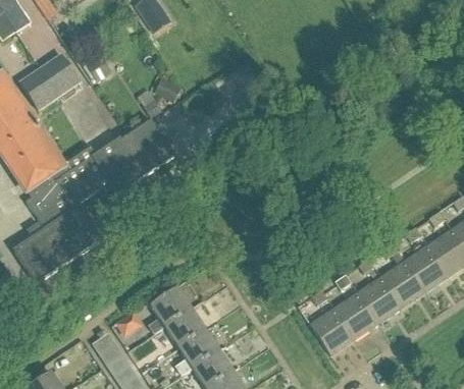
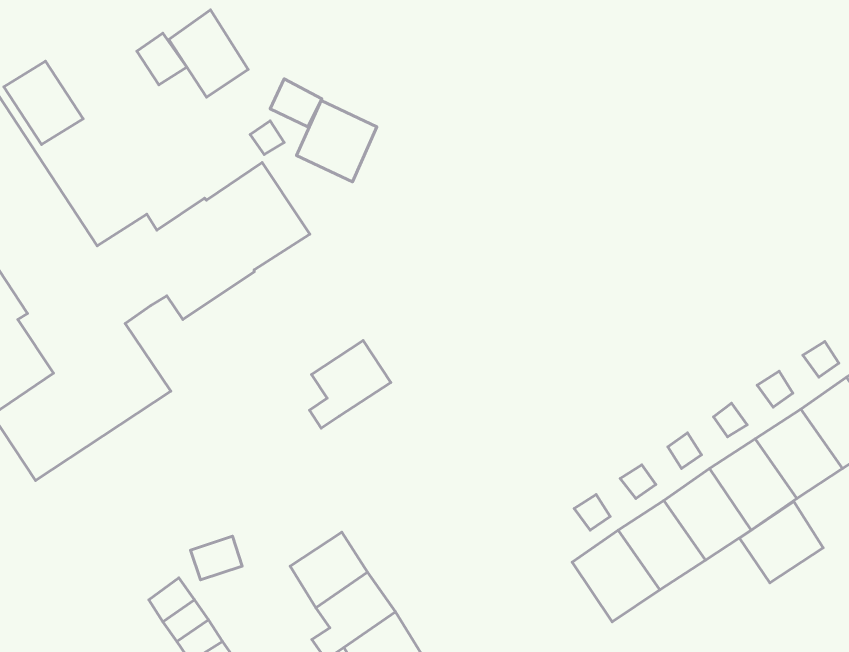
building: [39,52,80,97] -> [169,10,248,97]
building: none -> [297,100,377,182]
building: [149,287,191,332] -> [309,341,391,428]
building: none -> [740,501,823,583]

